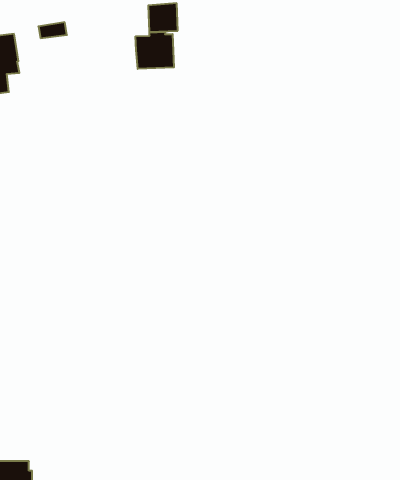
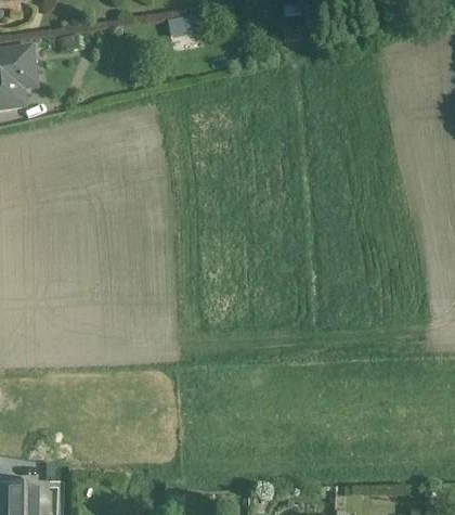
building: [136,32,174,69] -> none

